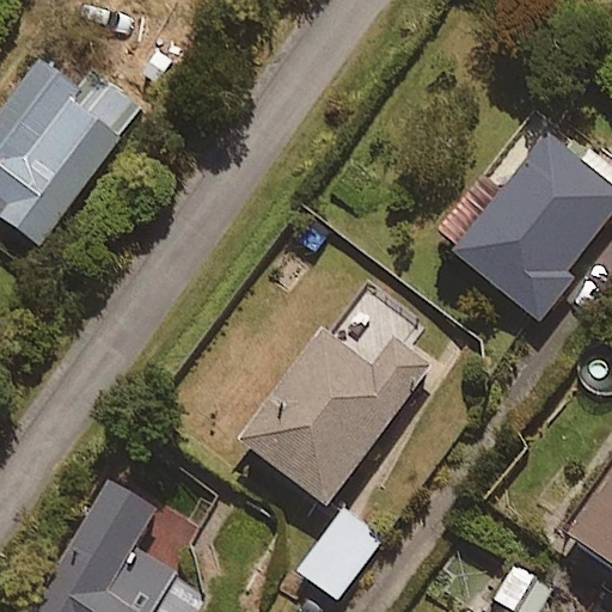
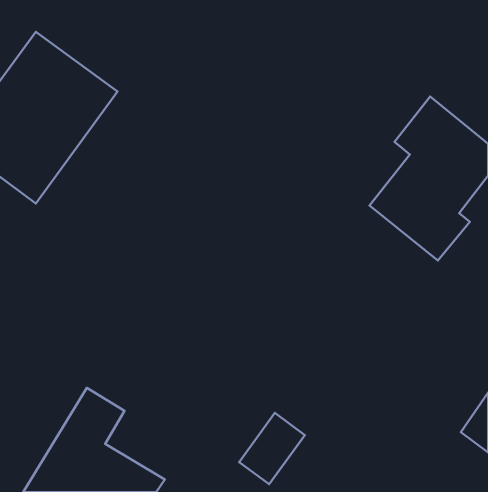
building: [244,293,430,506] -> none

